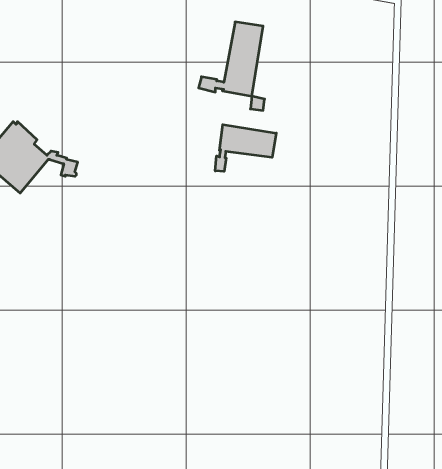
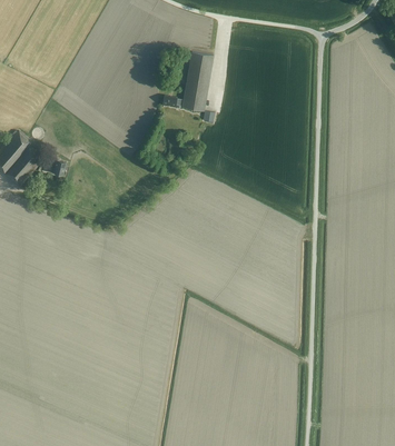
building: [215,125,276,171] -> none

